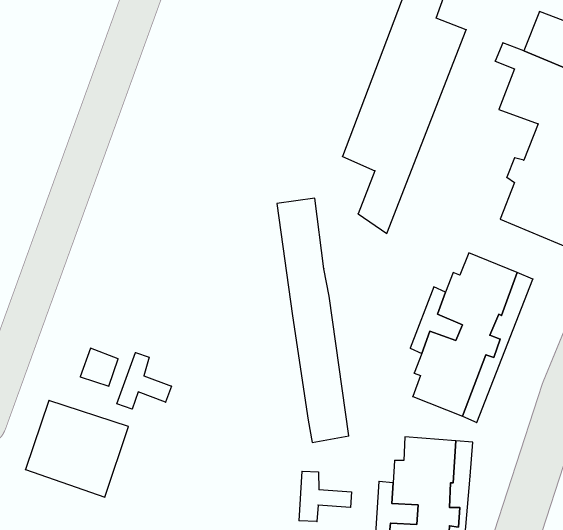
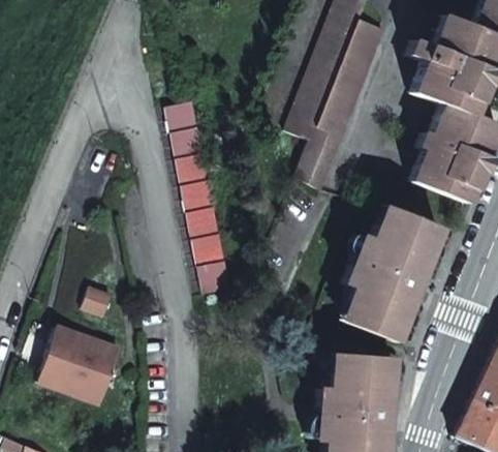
building: [277,198,349,442] -> [176,98,232,292]
building: [117,353,171,409] -> none
building: [299,471,351,522] -> none

